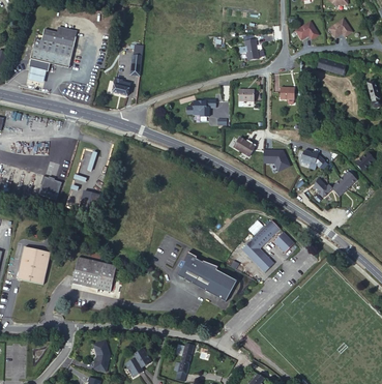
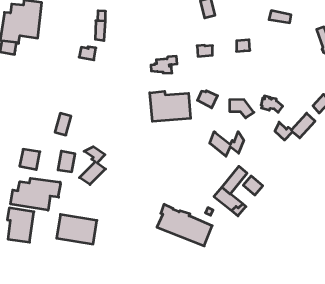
building: none -> [150,91,191,121]
building: none -> [210,132,244,156]
building: none -> [79,147,106,185]
building: none -> [11,178,60,210]

